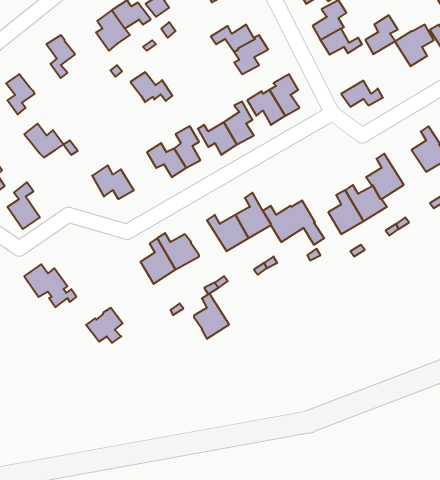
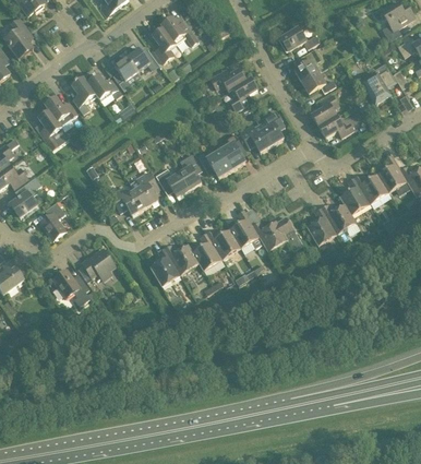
building: [365,15,398,54] -> [311,93,338,126]
building: [131,72,172,102] -> [86,73,121,98]
building: [24,124,63,157] -> [44,95,76,123]
building: none -> [133,170,158,206]
building: none -> [353,172,388,202]
building: [194,293,229,339] -> [192,231,221,270]
building: [86,308,123,343] -> [81,248,111,277]

